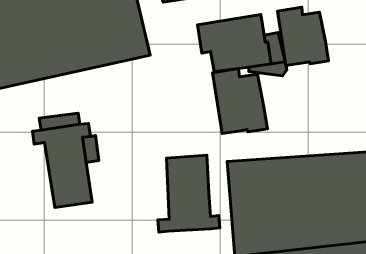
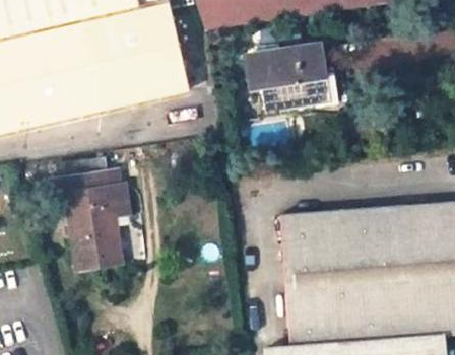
building: [277,7,329,66] -> none
building: [213,68,267,134] -> none
building: [158,155,220,232] -> none

